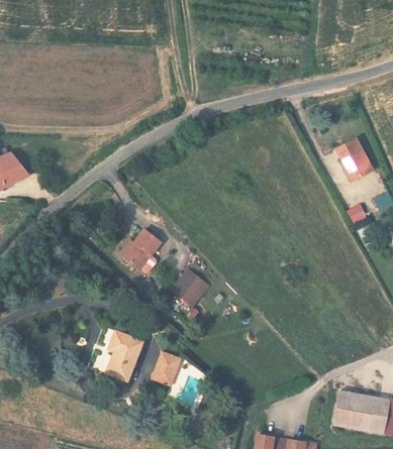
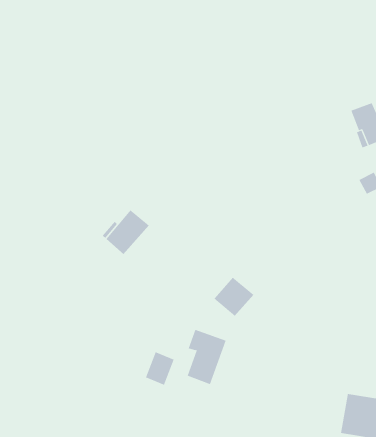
building: [169,271,205,307] -> [213,277,254,317]
building: [111,333,146,382] -> [187,329,227,385]

